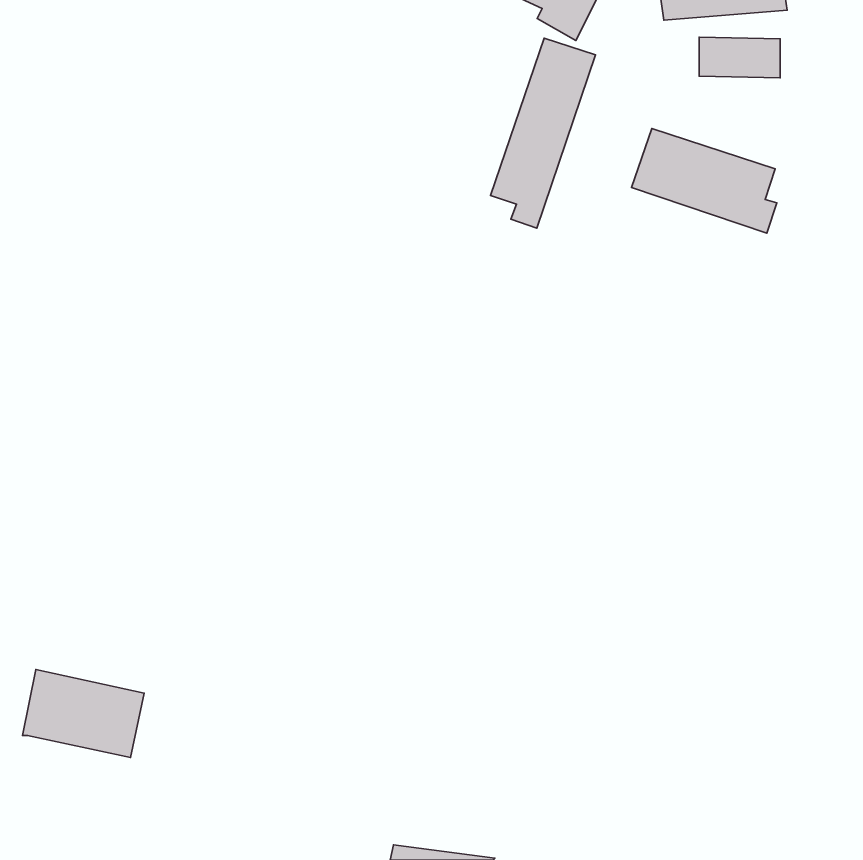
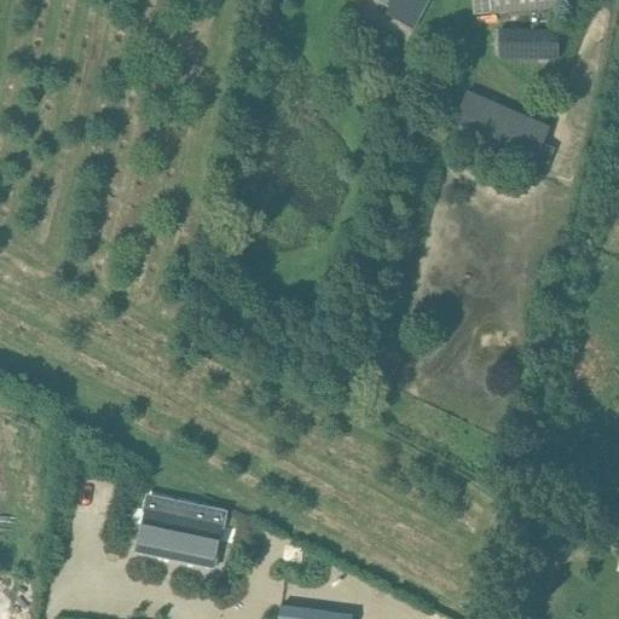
building: [490,38,595,228] -> none
building: [22,670,144,757] -> [137,502,224,565]

